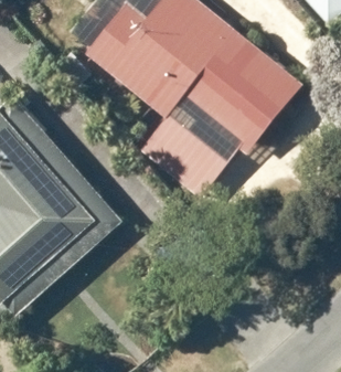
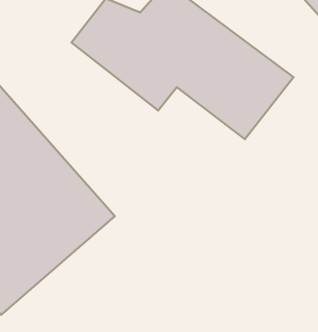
building: [138,89,248,198] -> none

